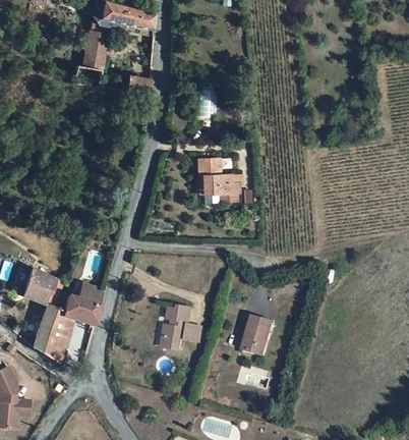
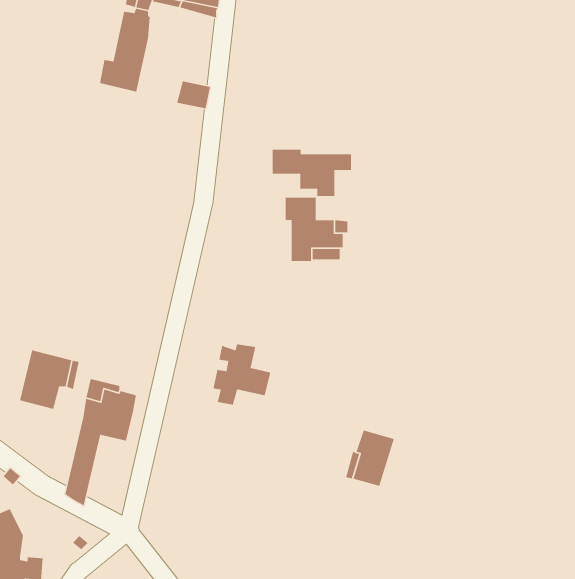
building: none -> [272,149,352,197]
building: [34,301,61,358] -> none
building: [162,305,201,346] -> [212,343,271,405]

